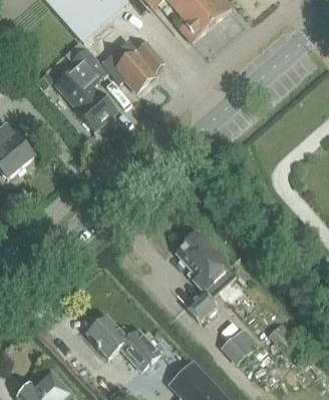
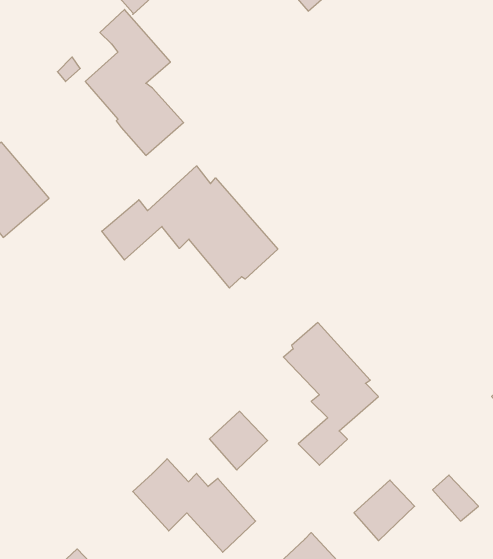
building: [108,40,164,91] -> none
building: none -> [102,166,278,288]
building: none -> [209,411,268,470]

